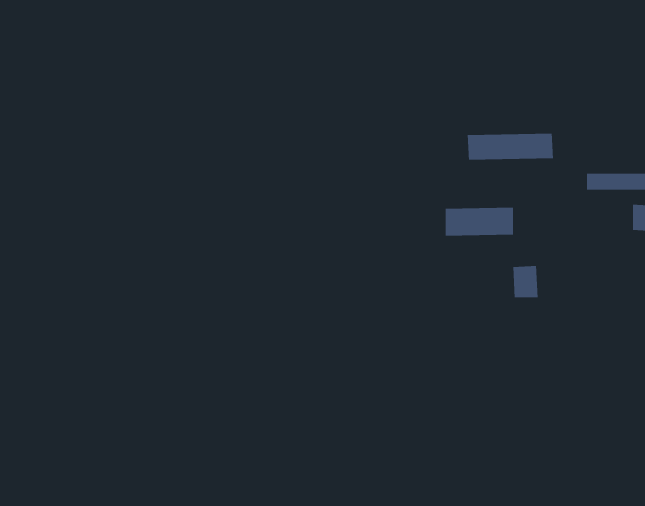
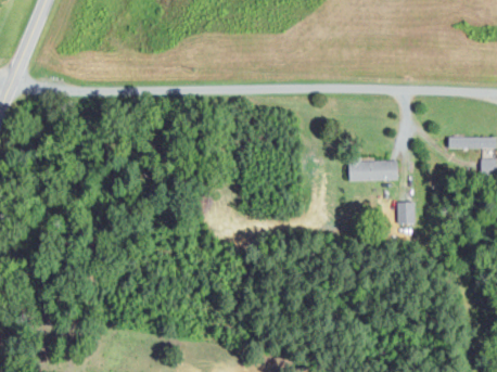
building: [467,133,553,161] -> none

